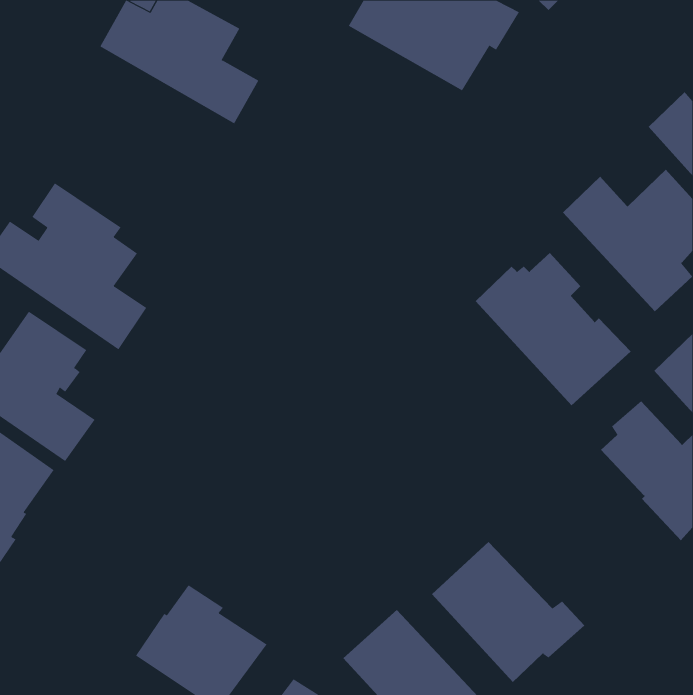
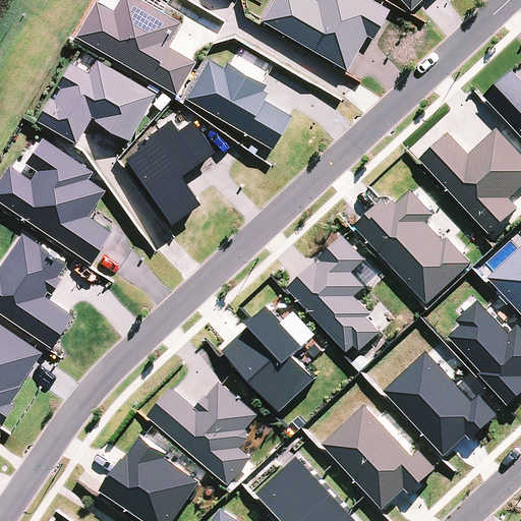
building: none -> [183,59,289,149]
building: none -> [35,60,154,142]
building: none -> [124,119,213,224]
building: none -> [285,235,379,352]
building: none -> [224,305,315,412]
building: none -> [382,351,496,455]
building: none -> [146,382,256,485]

